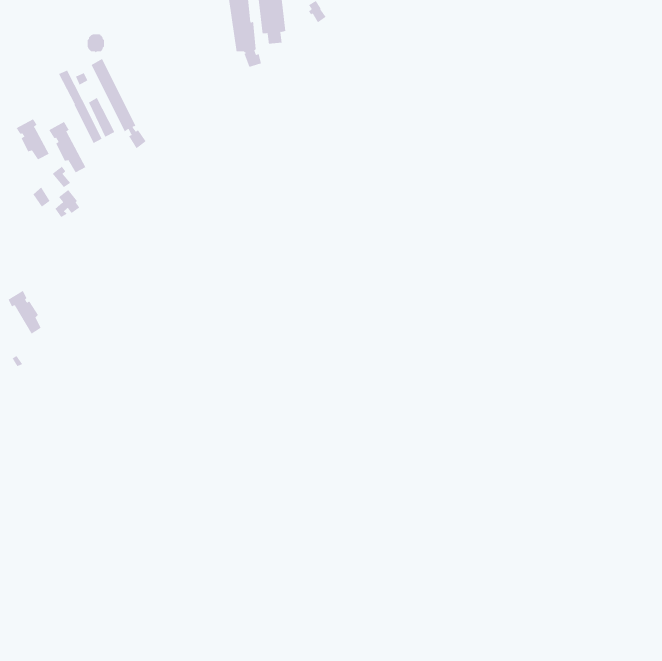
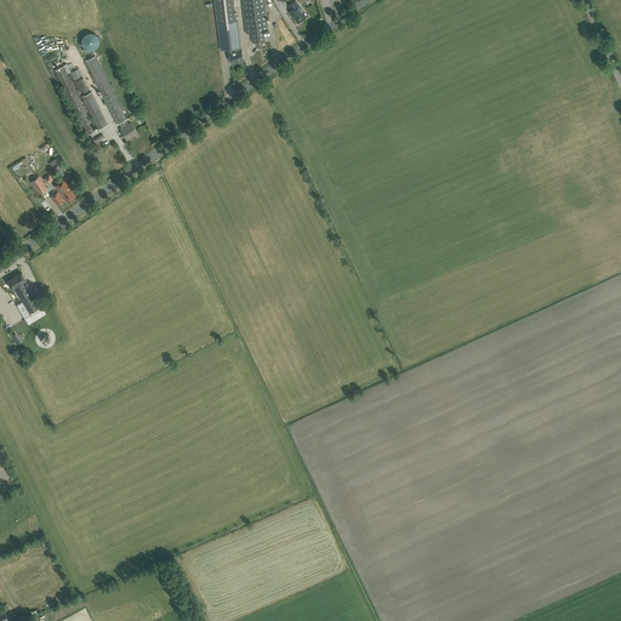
building: [16,118,50,160] -> none
building: [49,121,86,173] -> none

